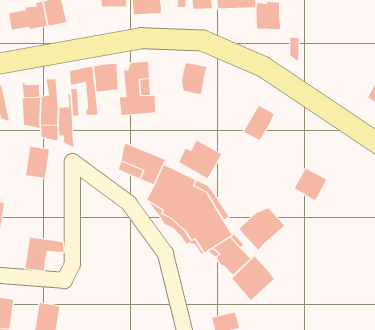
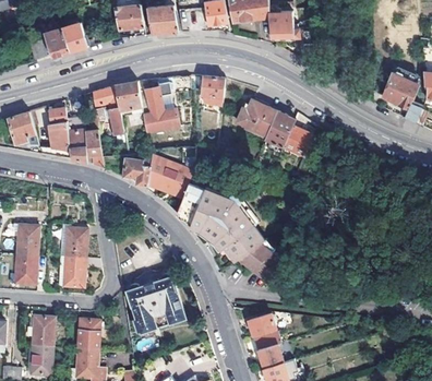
building: [179,140,222,179] -> [236,99,277,136]
building: none -> [123,157,149,188]
building: [25,145,50,178] -> [65,227,87,258]
building: [294,168,327,201] -> [281,126,313,157]
building: [239,207,285,250] -> none
building: [231,255,275,301] -> none
building: none -> [127,275,184,333]

